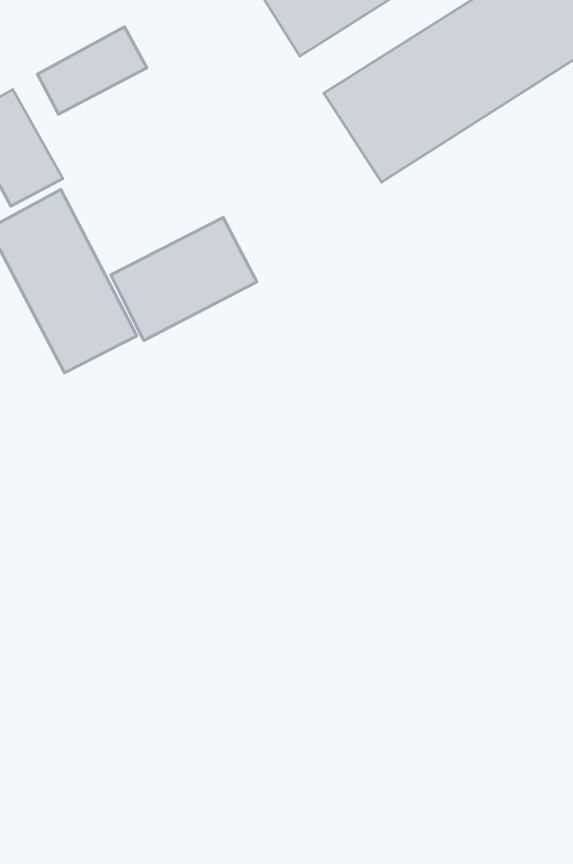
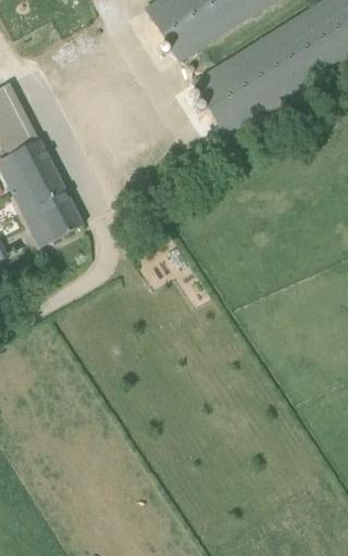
building: [37,27,147,114] -> none
building: [111,217,257,341] -> none

